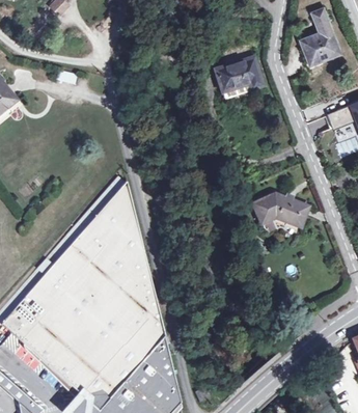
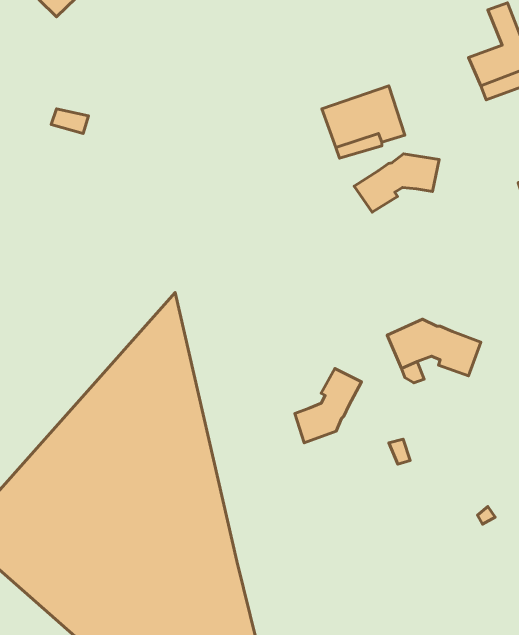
building: none -> [354,154,439,212]
building: none -> [295,369,362,443]

